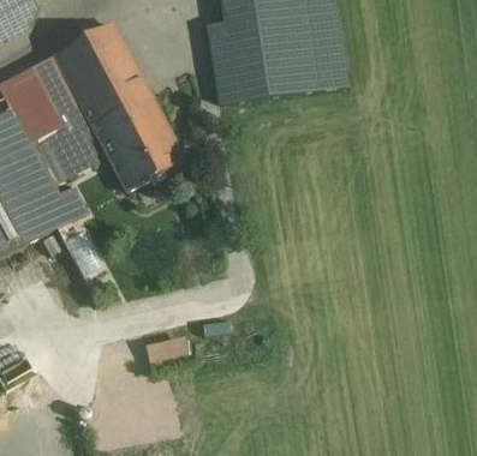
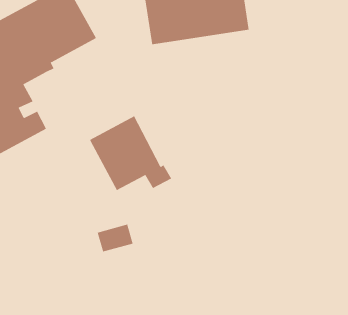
building: [93,95,198,191] -> [89,115,172,191]
building: [58,138,95,175] -> none

